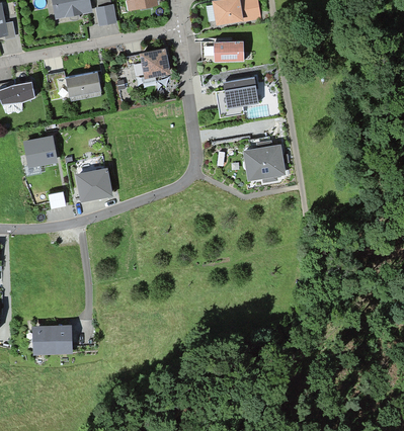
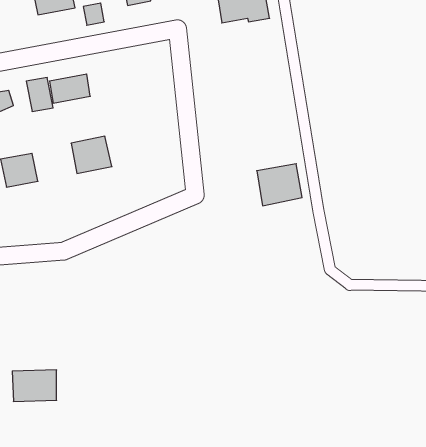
building: [216,44,245,64] -> none
building: [140,51,166,77] -> none
building: [213,74,257,115] -> none
building: [76,169,111,201] -> [71,136,112,173]

